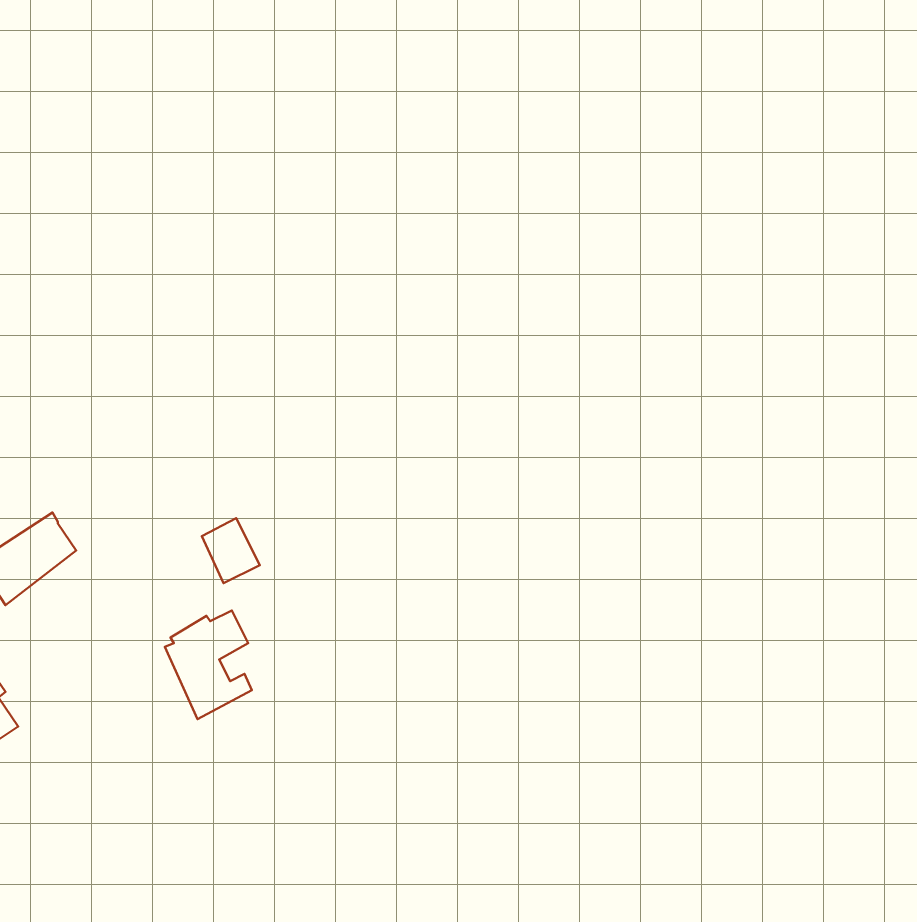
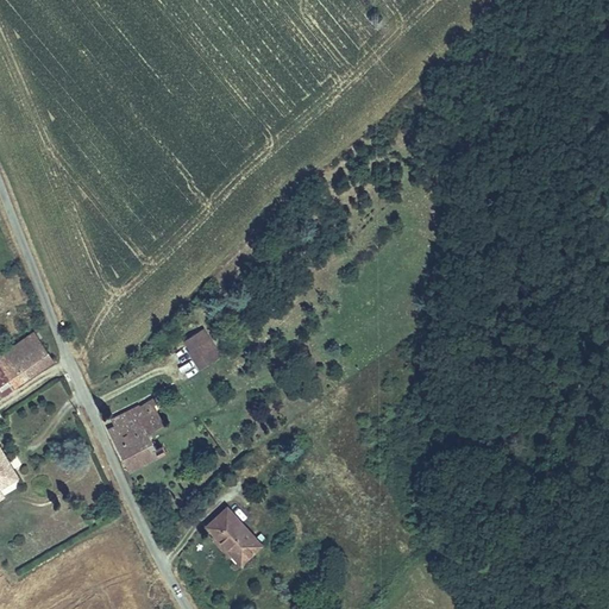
building: [202,518,260,583] -> [177,326,215,369]
building: none -> [207,508,262,564]

